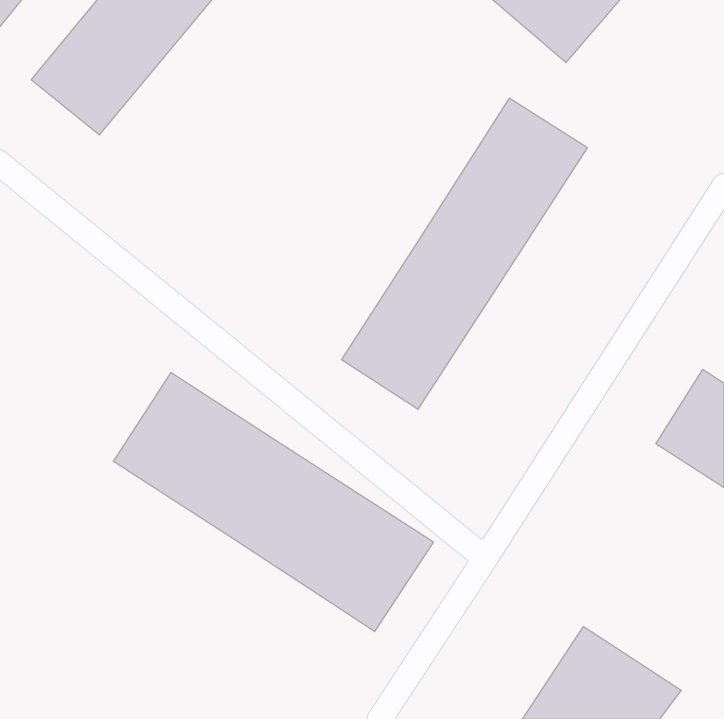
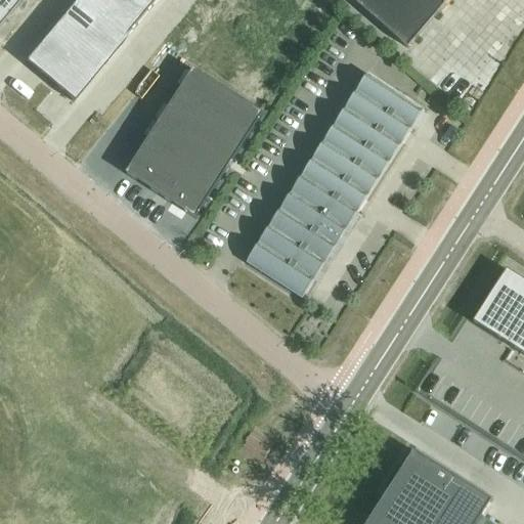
building: none -> [125,67,261,215]
building: [114,373,433,632] -> none

